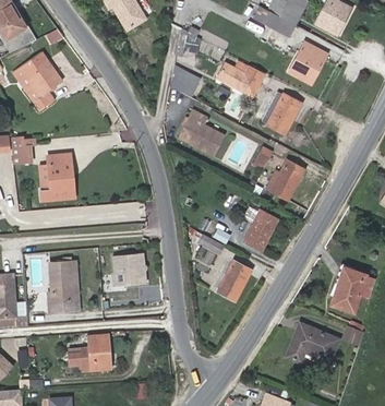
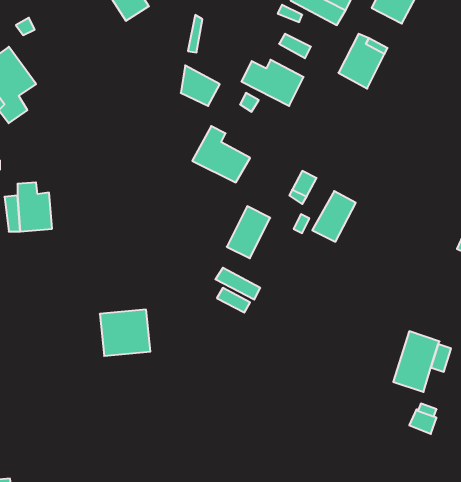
building: [267,94,301,133] -> none
building: [244,210,277,249] -> [227,206,270,258]
building: [218,260,251,299] -> none
building: [48,261,74,311] -> none
building: [287,323,339,361] -> none
building: [69,334,111,369] -> none

